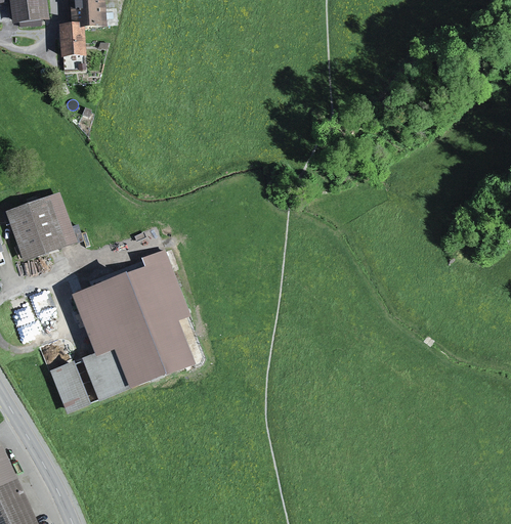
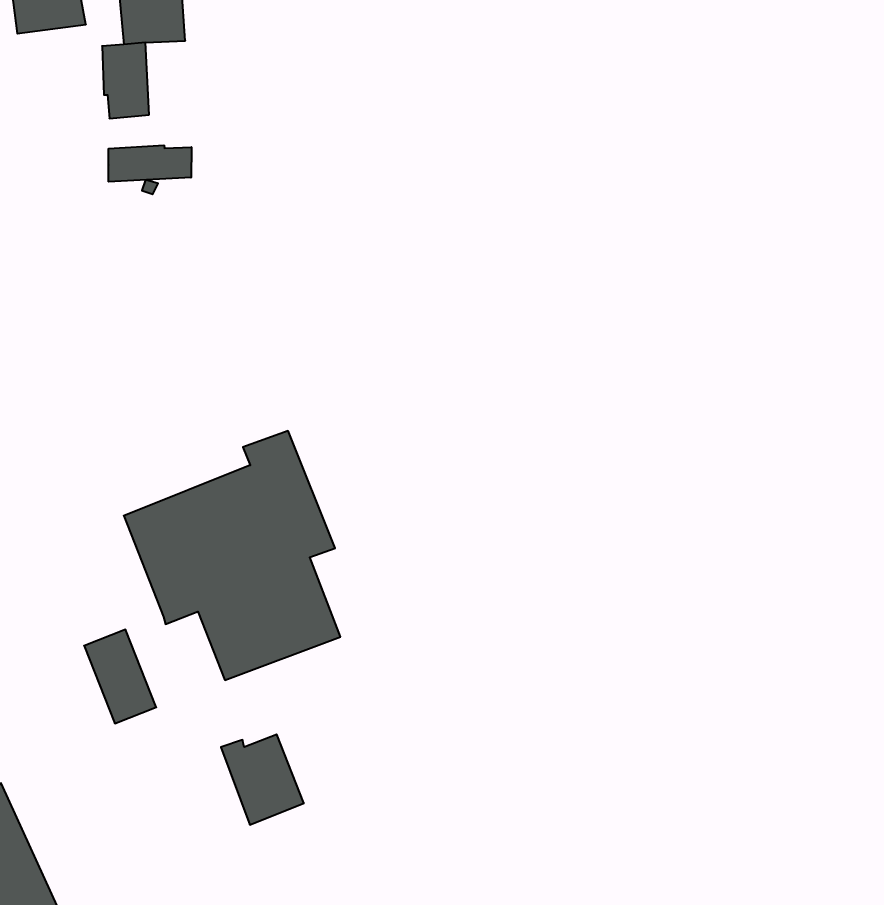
building: none -> [109,145,191,182]
building: [6,191,76,259] -> none
building: [82,349,129,400] -> [221,734,304,825]

